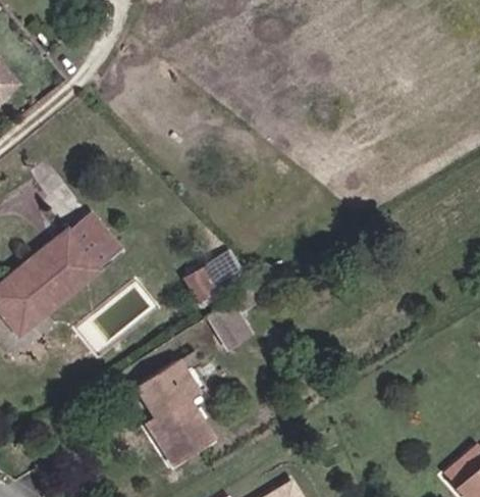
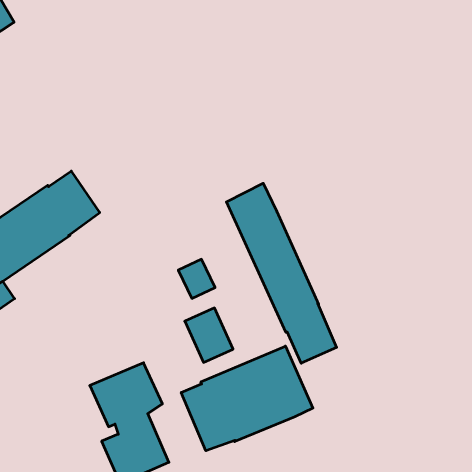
building: none -> [226,183,337,363]
building: none -> [181,346,313,451]

